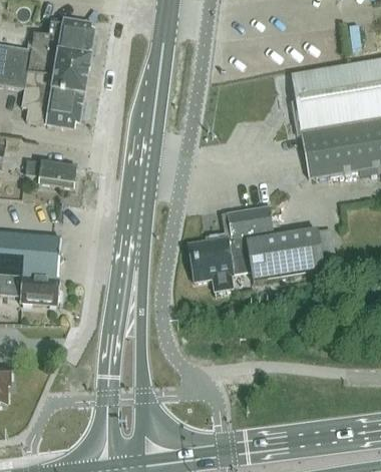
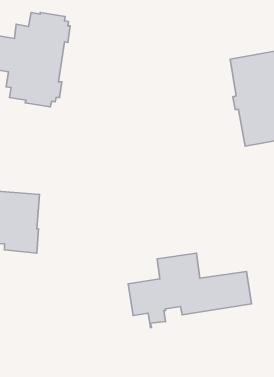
building: [24,156,78,187] -> none
building: [188,205,337,295] -> [128,253,251,327]

